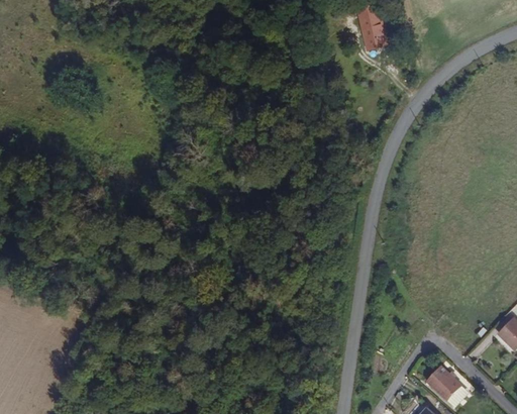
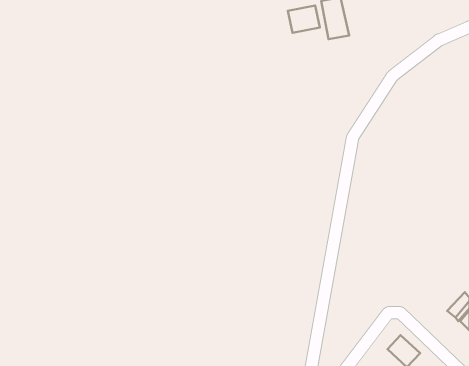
building: none -> [288,6,320,33]

